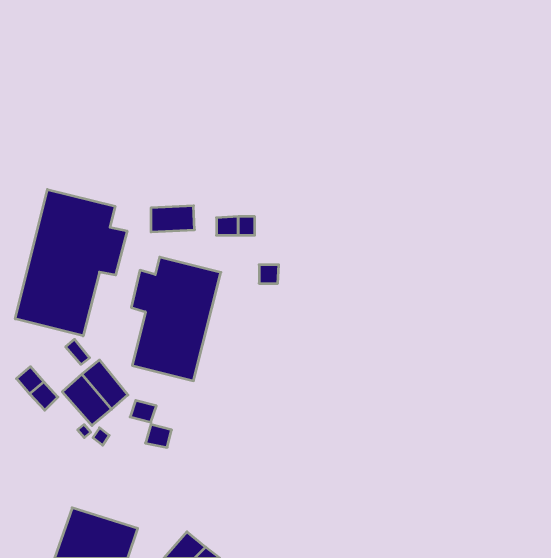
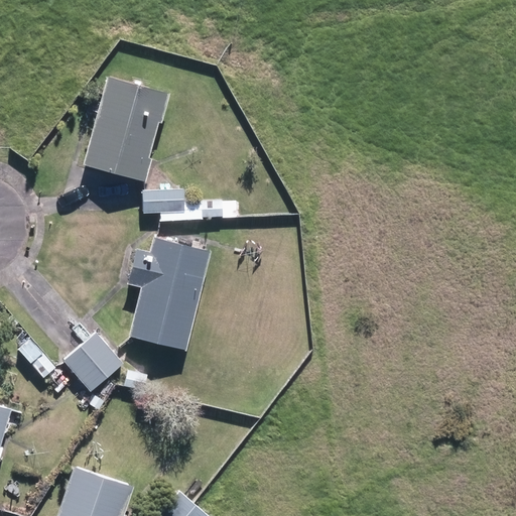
building: none -> [82,79,169,184]
building: [15,189,127,336] -> none

